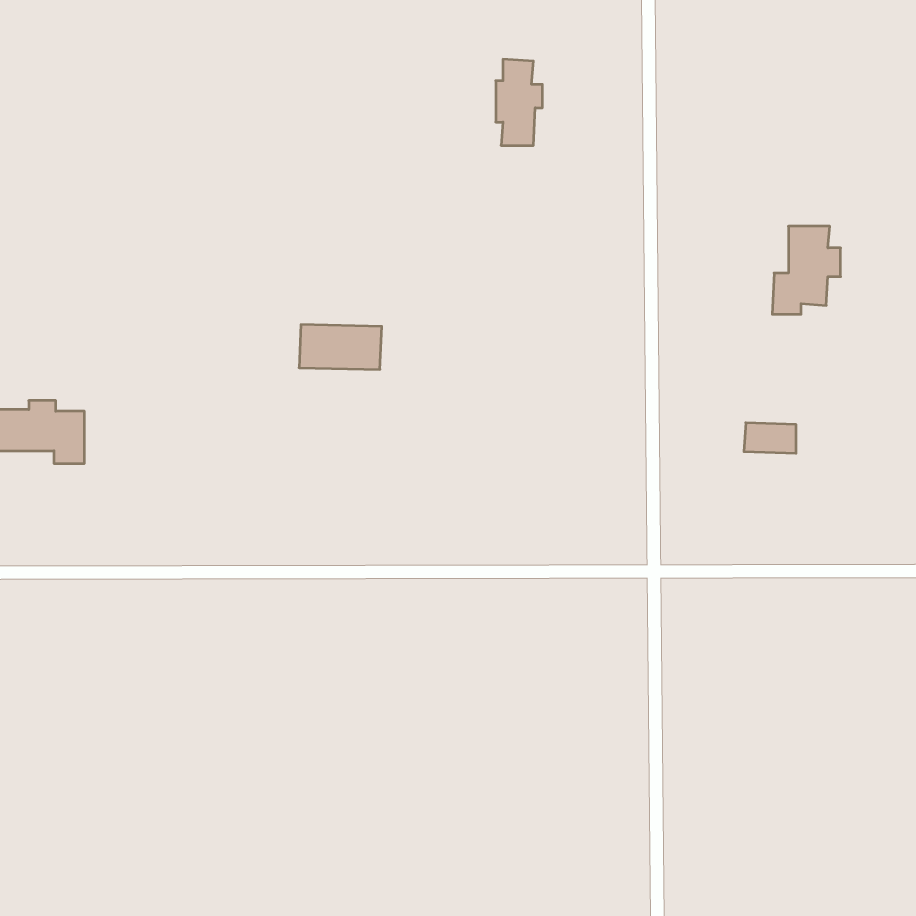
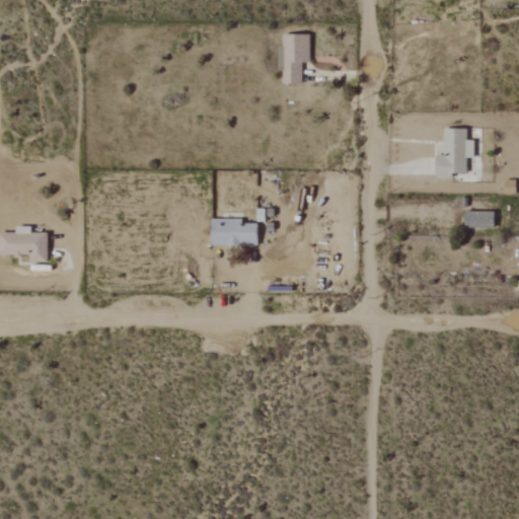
building: [299,325,382,369] -> [212,219,258,244]
building: [744,423,796,453] -> [465,210,495,227]

